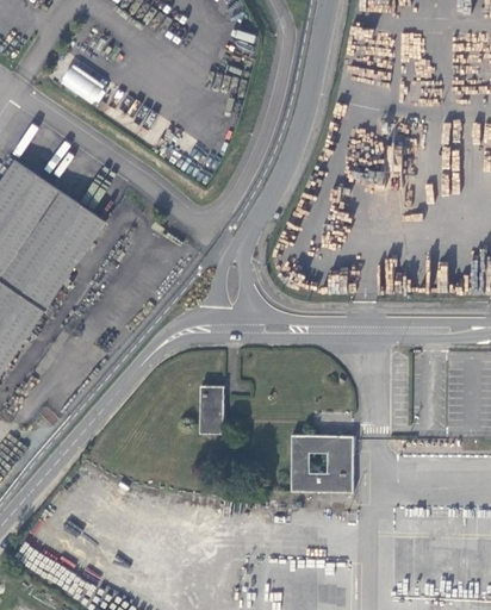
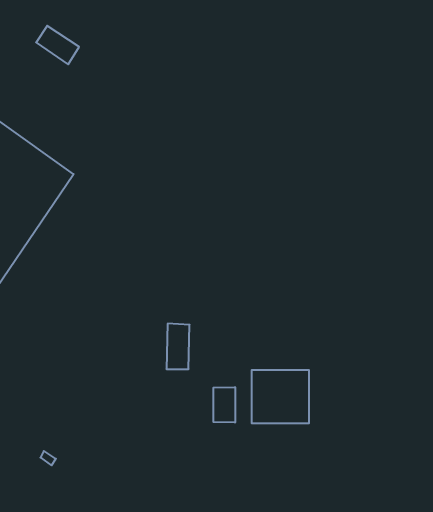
building: none -> [213,387,235,423]

